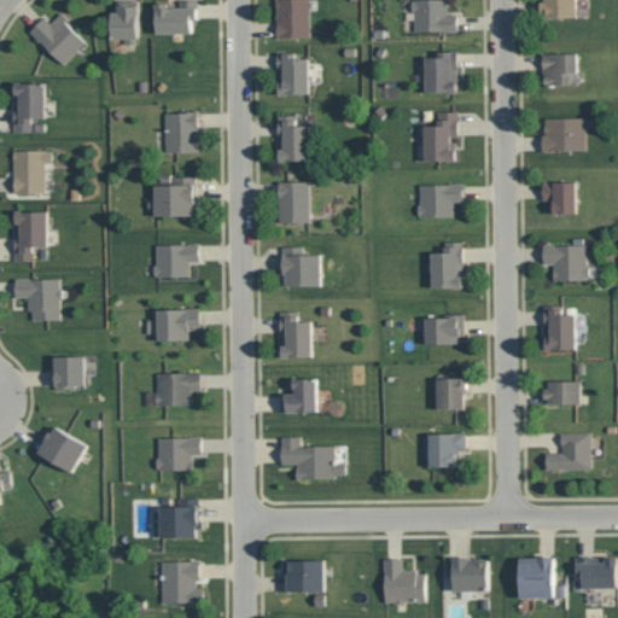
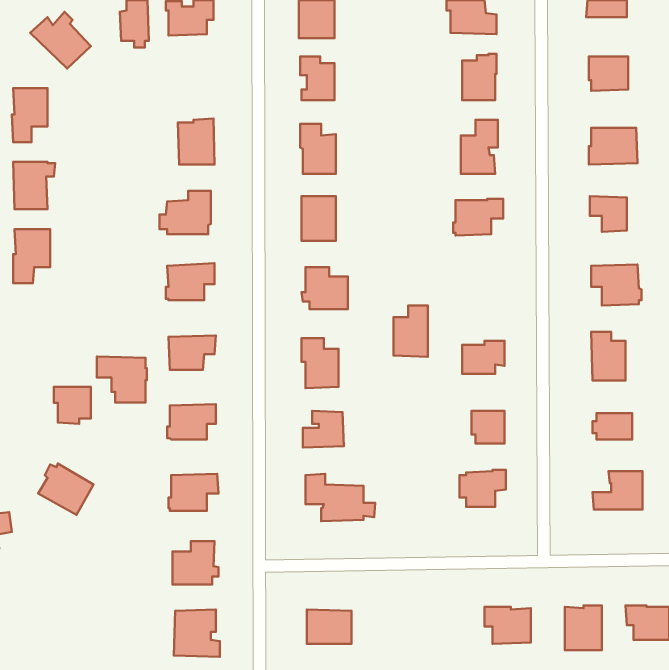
building: [430,243,461,290] -> [394,305,428,357]
building: [13,279,59,321] -> [97,356,147,403]
building: [381,560,424,605] -> none

